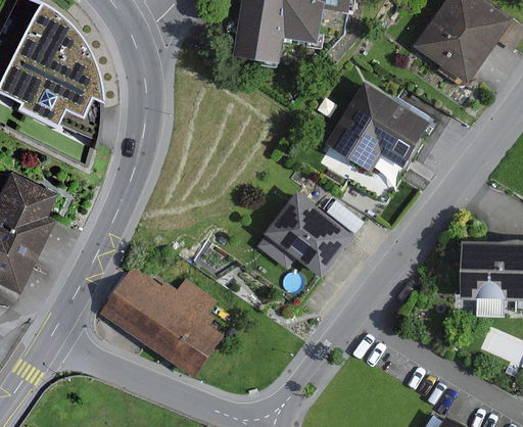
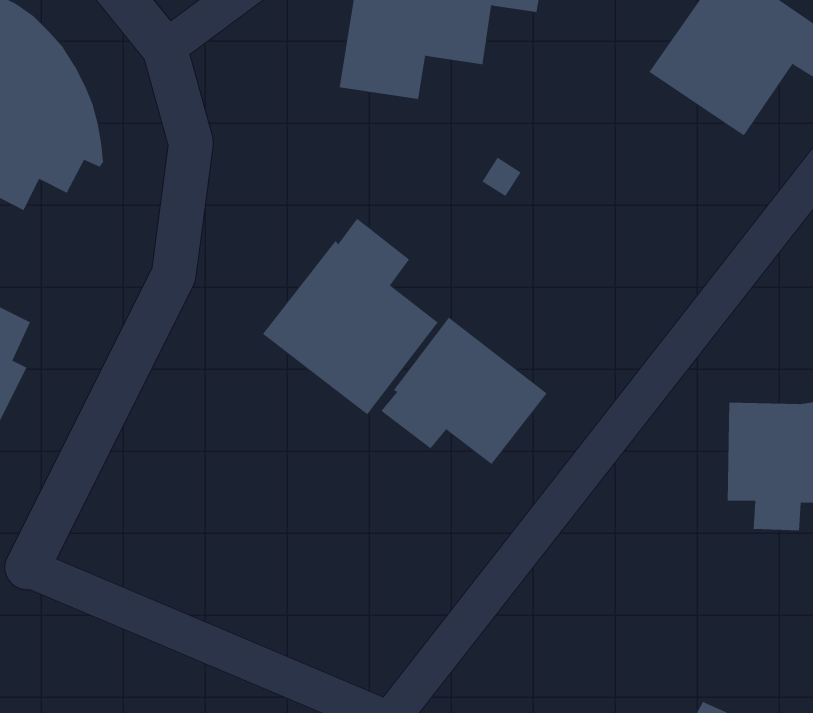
building: [326,81,433,172] -> none
building: none -> [262,218,439,415]
building: [100,266,226,378] -> none

